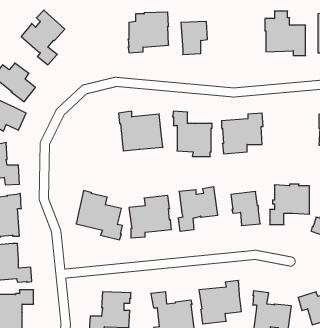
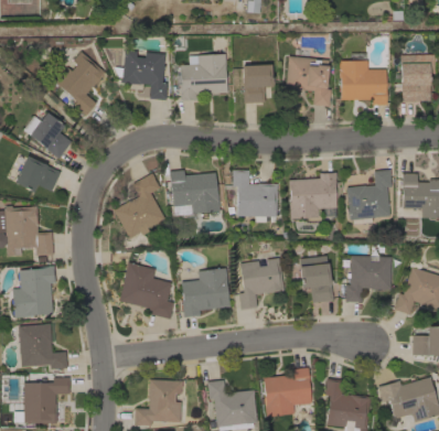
building: none -> [285,46,331,107]
building: none -> [115,51,168,100]
building: none -> [346,170,393,220]
building: none -> [114,173,165,239]

